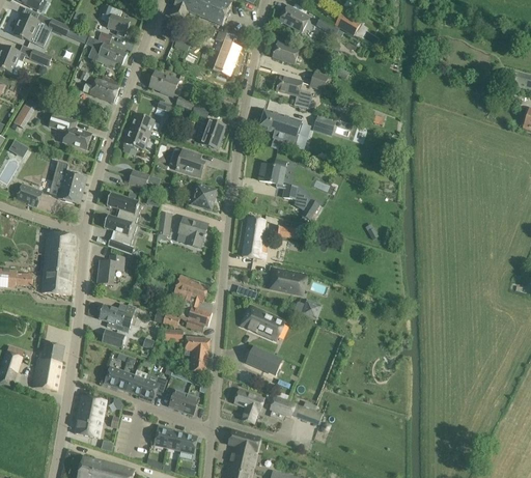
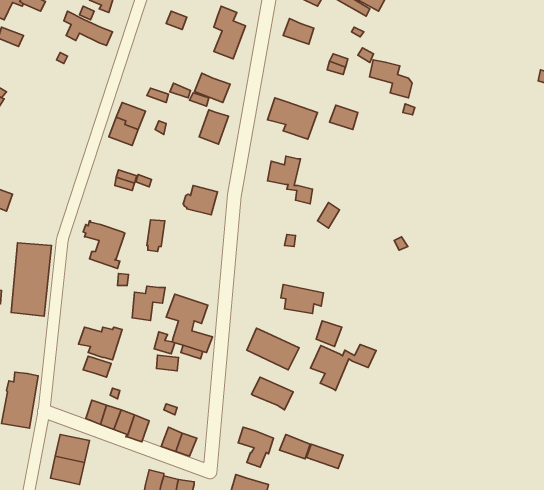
building: [148,71,178,95] -> [195,73,230,102]
building: [276,76,312,108] -> [369,60,412,98]
building: [82,78,118,102] -> none
building: [48,113,91,149] -> none
building: [175,149,203,176] -> none
building: [57,170,86,203] -> none
building: [106,192,140,223] -> none
building: [177,217,206,248] -> none
building: [242,217,268,259] -> none
building: [96,255,124,284] -> [132,286,165,320]
building: none -> [310,344,376,391]
building: [184,335,209,372] -> none

